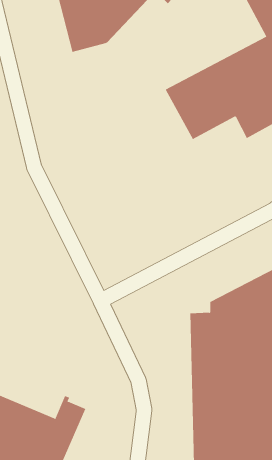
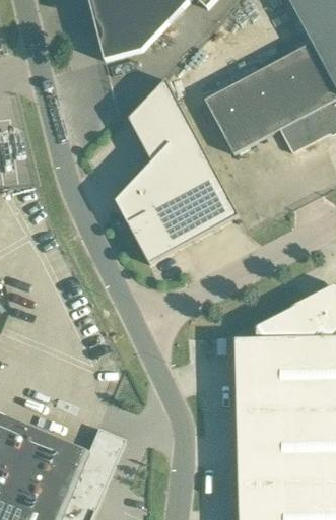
building: none -> [118,79,241,263]

